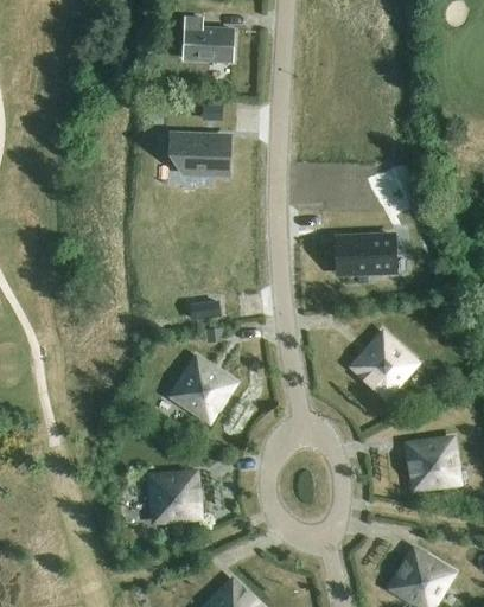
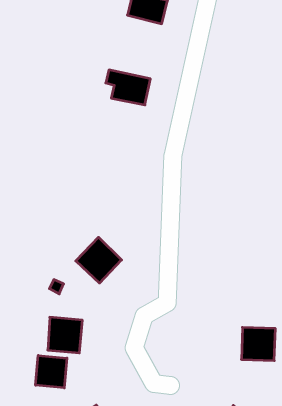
building: [335,237,388,273] -> none
building: [352,333,414,395] -> none
building: none -> [36,355,67,388]

